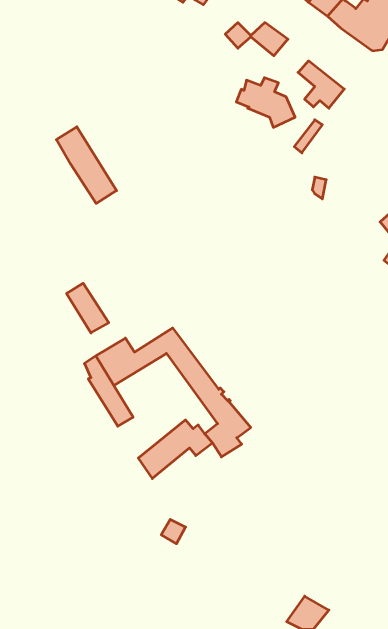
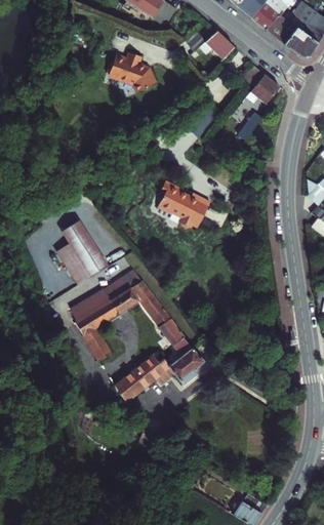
building: [236,78,295,127] -> [107,50,154,90]
building: [56,127,117,203] -> [58,214,107,276]
building: none -> [157,181,209,228]
building: none -> [104,269,141,299]

